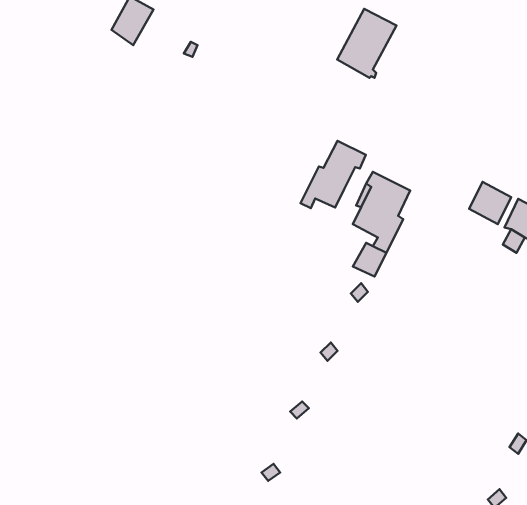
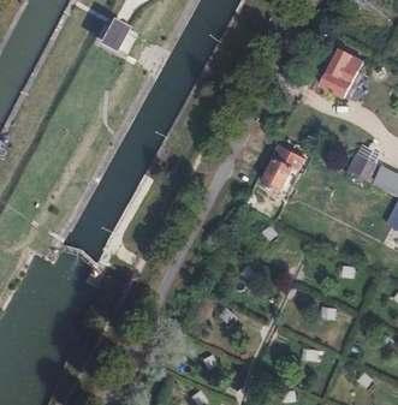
building: [337,9,396,78] -> [321,49,363,99]
building: [301,141,366,208] -> none

